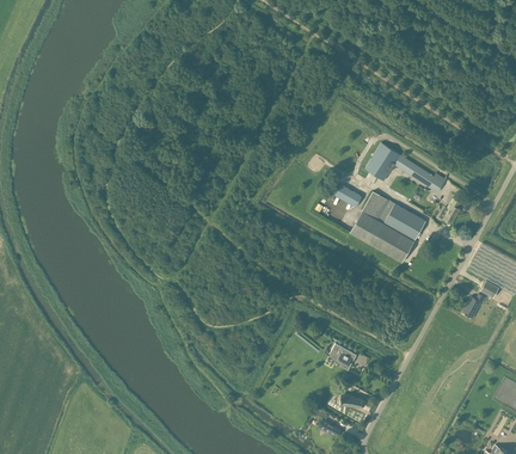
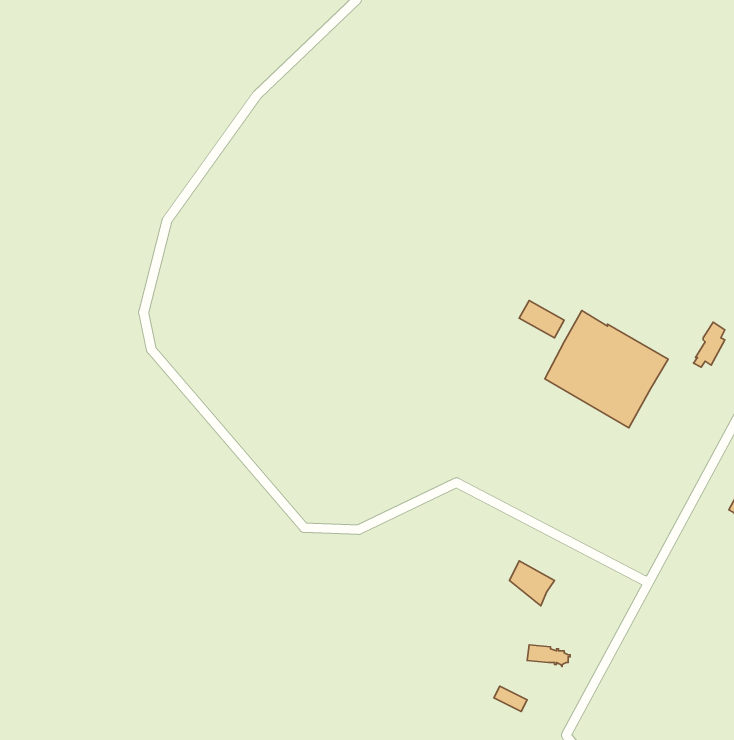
building: [364,142,443,191] -> none

